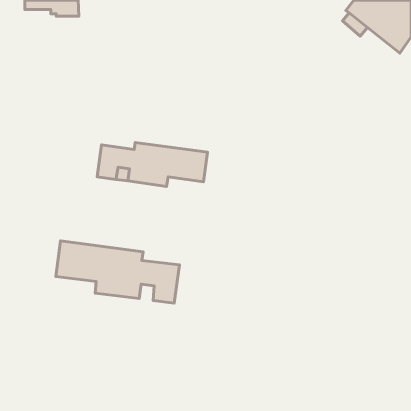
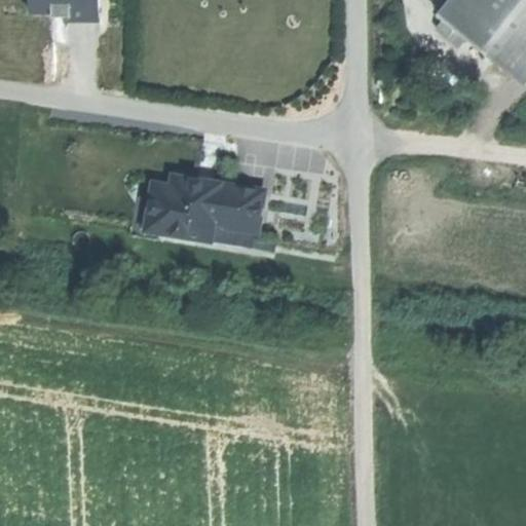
building: [56,241,180,303] -> none

